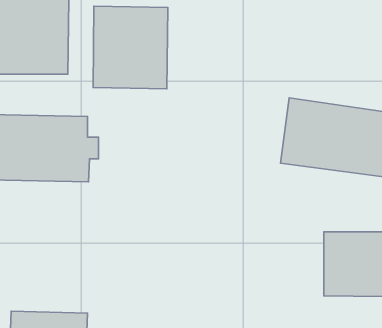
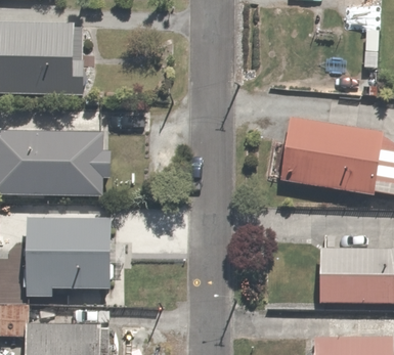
building: [93,6,168,89] -> none
building: none -> [27,219,126,296]

